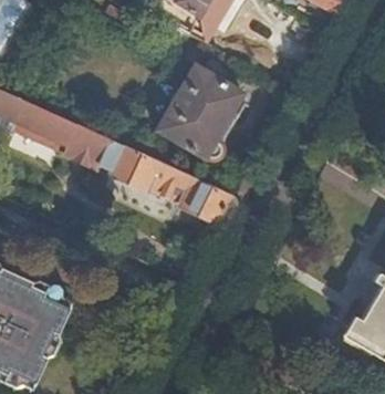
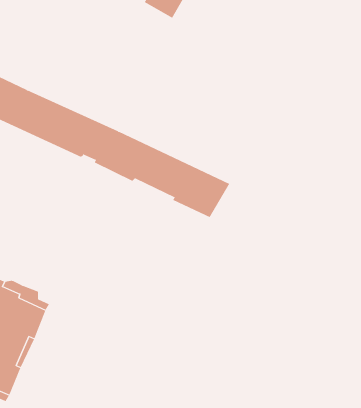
building: [156,65,243,158] -> none

